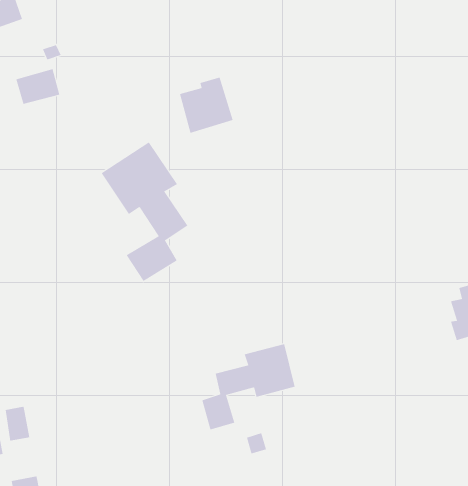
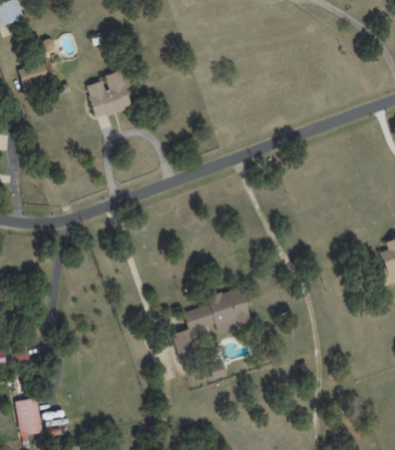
building: [179,77,233,134] -> [86,71,131,118]
building: [101,142,188,282] -> none

